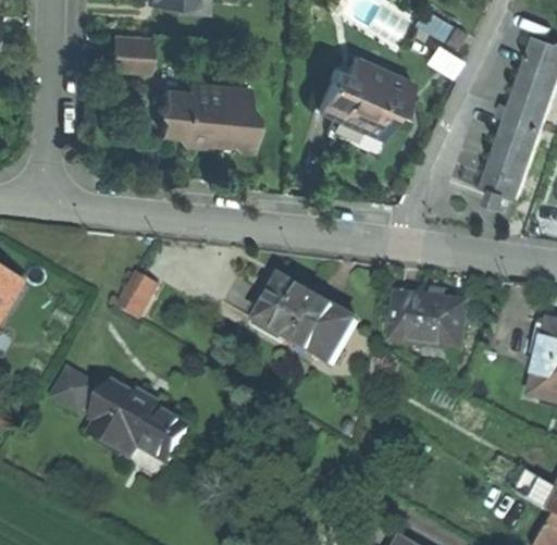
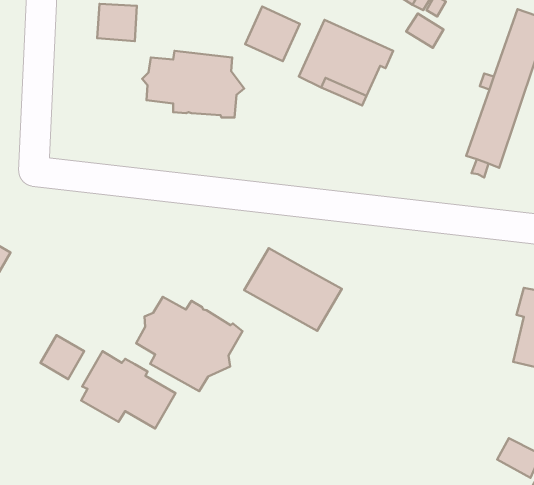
building: none -> [245,7,300,61]
building: [115,271,158,318] -> none
building: [391,294,467,360] -> none
building: none -> [136,297,243,391]

